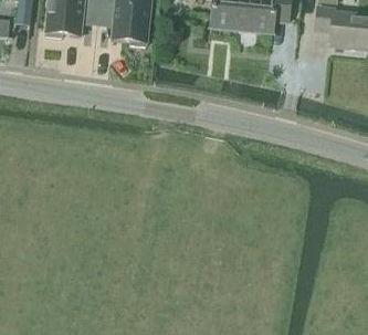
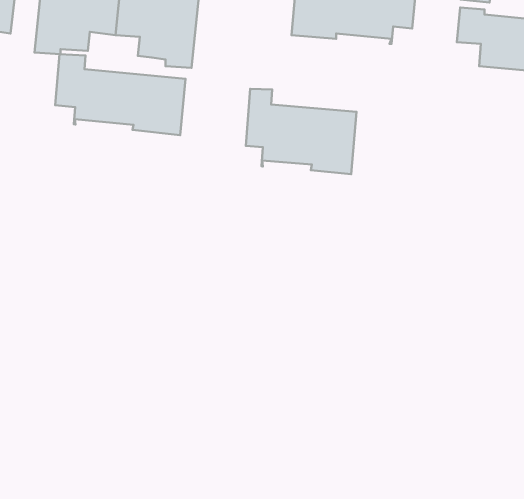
building: none -> [55,54,185,135]
building: none -> [246,89,356,174]

